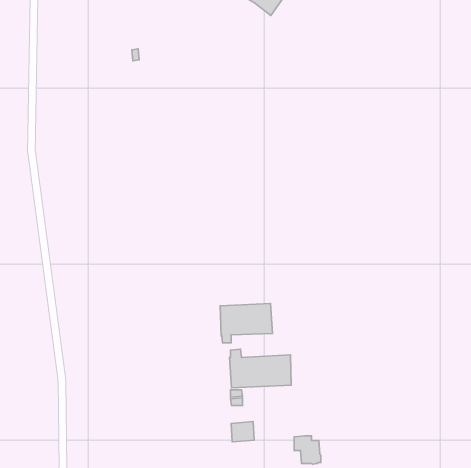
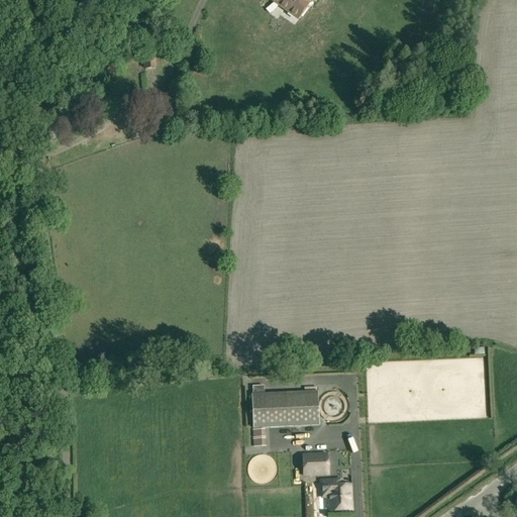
building: [220,304,272,343] -> none
building: [231,422,254,442] -> [303,451,328,474]

